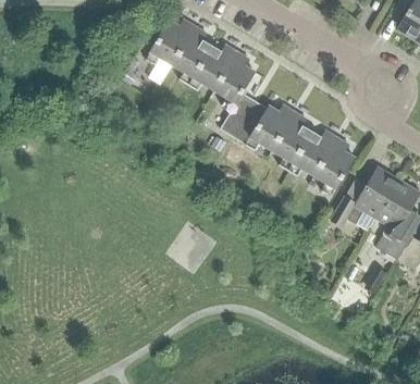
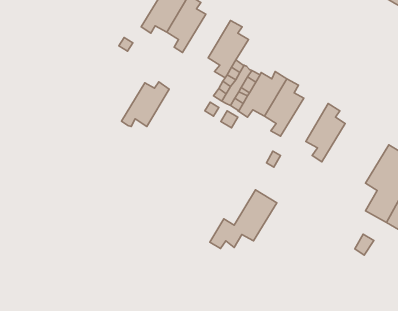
building: [188,44,237,89] -> [121,82,169,126]
building: [288,129,337,175] -> none
building: [331,165,399,225] -> [210,190,277,248]

